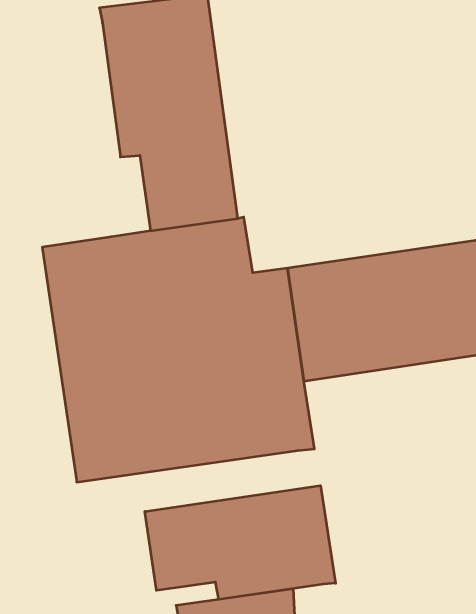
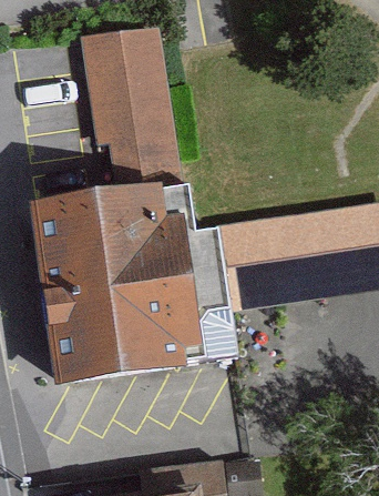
building: [145,486,336,599] -> none

